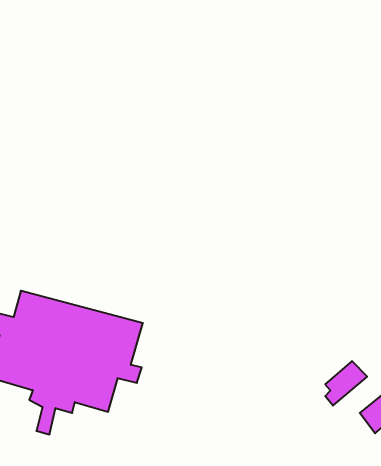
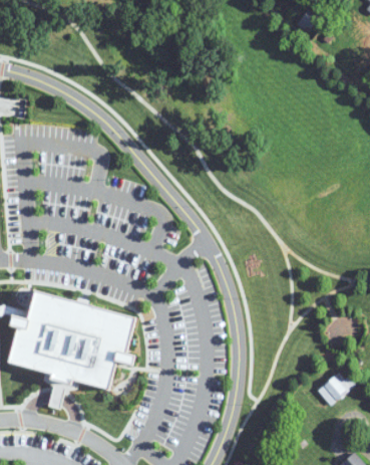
building: [325,361,367,406] -> none

